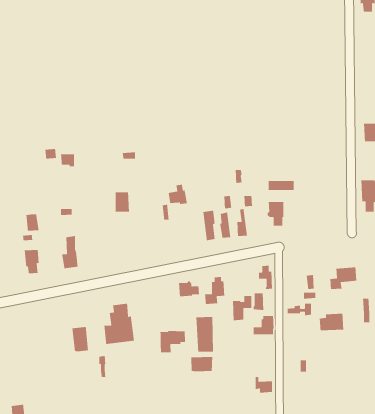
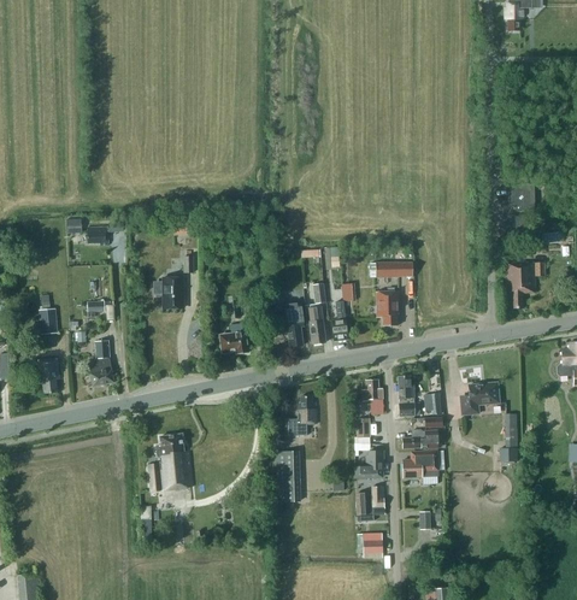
building: [168,184,188,205] -> [220,324,248,353]
building: none -> [398,376,419,416]
building: [178,280,200,297] -> none
building: [232,295,252,321] -> [355,486,383,522]
building: [319,313,344,331] -> [401,452,436,477]
building: [71,326,89,352] -> none
building: [160,330,186,353] -> none
building: [191,356,213,372] -> none

